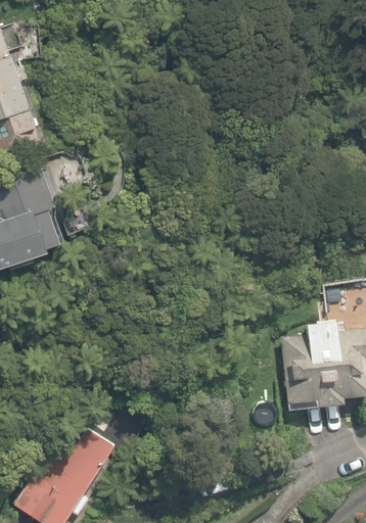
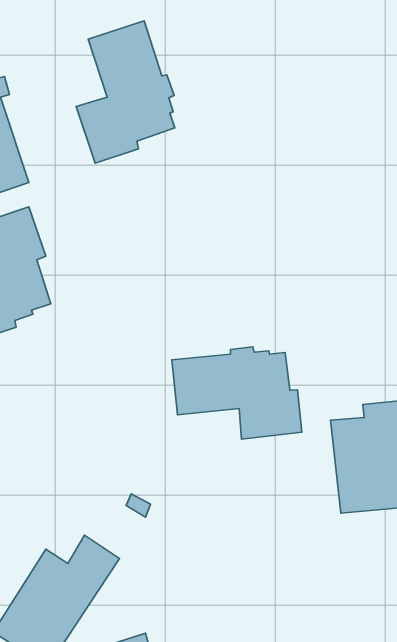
building: none -> [76,21,175,163]
building: none -> [172,347,302,439]

